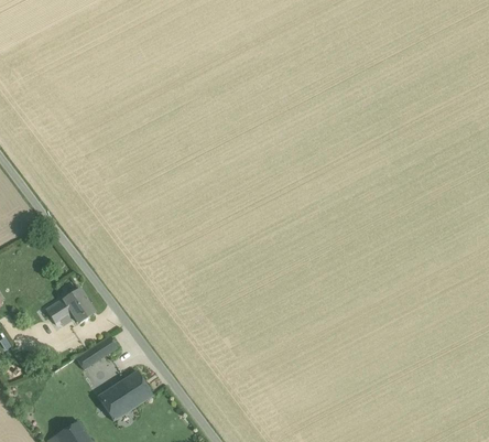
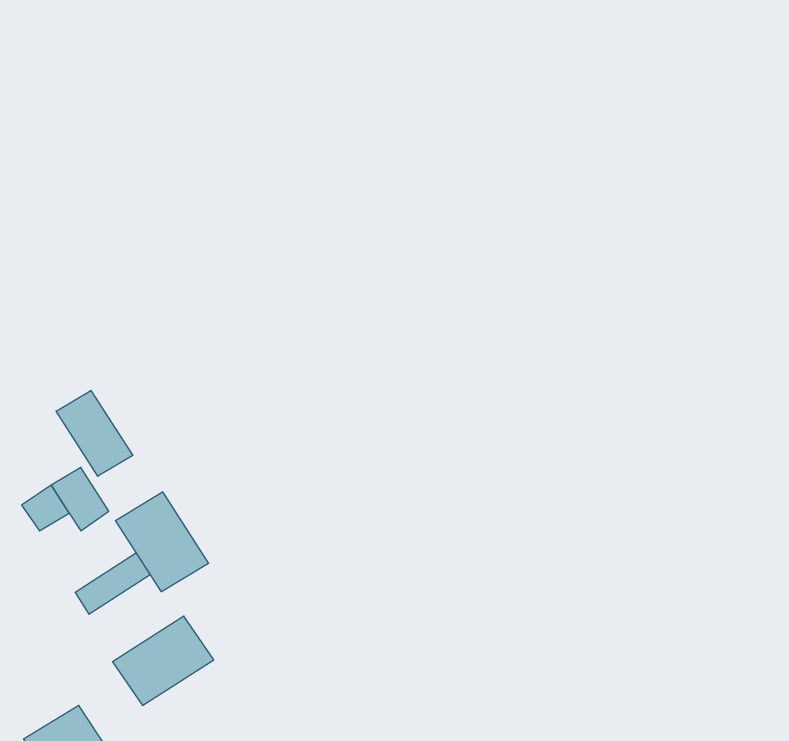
building: none -> [56,390,133,476]
building: none -> [116,492,209,592]

